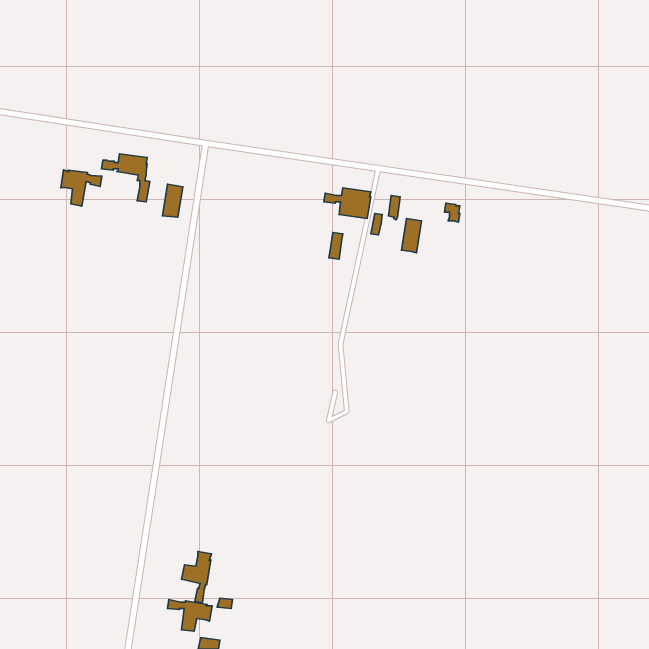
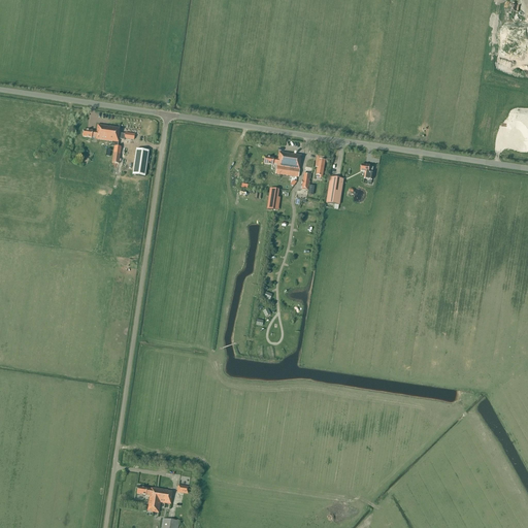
building: [61,170,102,206] -> none
building: [182,552,211,603] -> none

